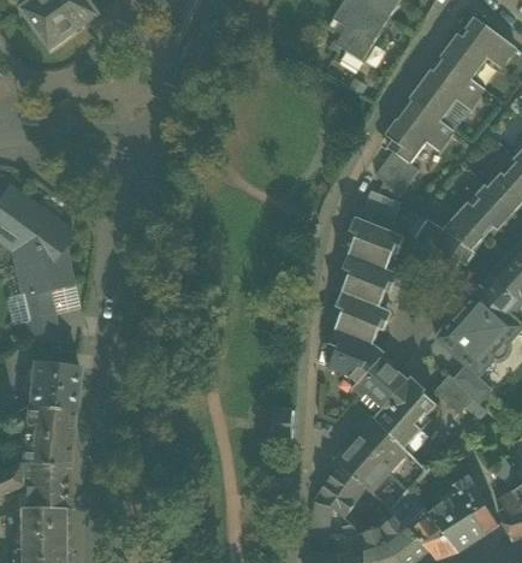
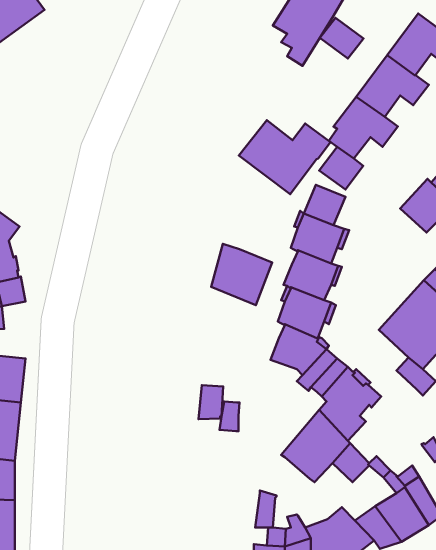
building: none -> [320,18,363,59]
building: none -> [239,120,331,194]
building: [415,214,484,274] -> none
building: none -> [211,244,272,305]
building: [434,373,474,414] -> none
building: none -> [199,385,223,419]
building: [315,466,366,517] -> none

